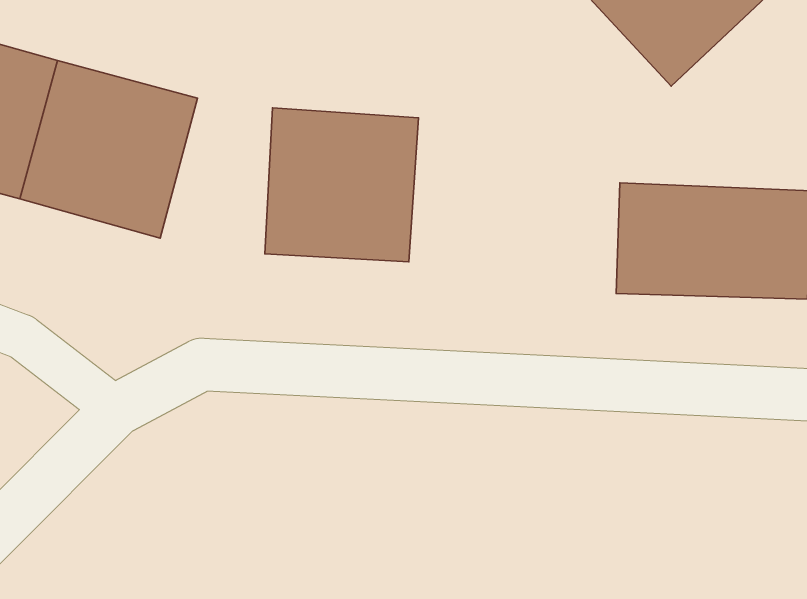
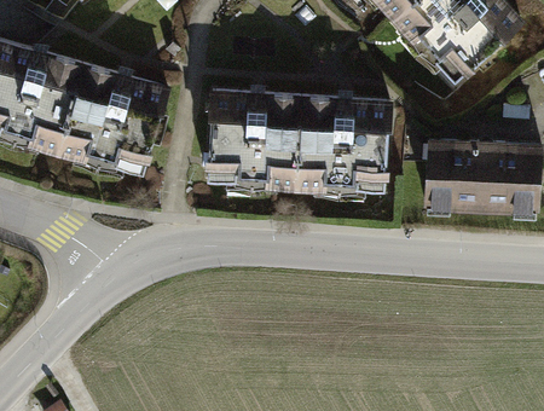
building: none -> [295,99,389,192]

